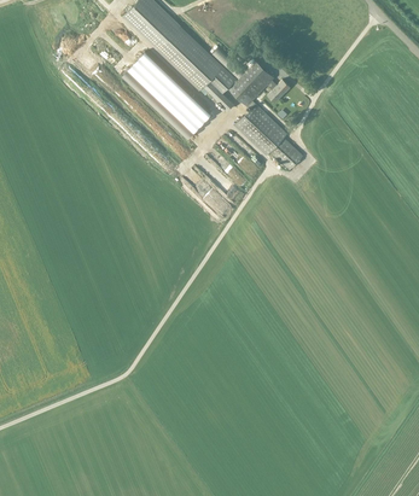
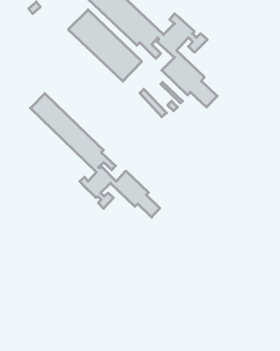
building: none -> [30,93,160,217]

